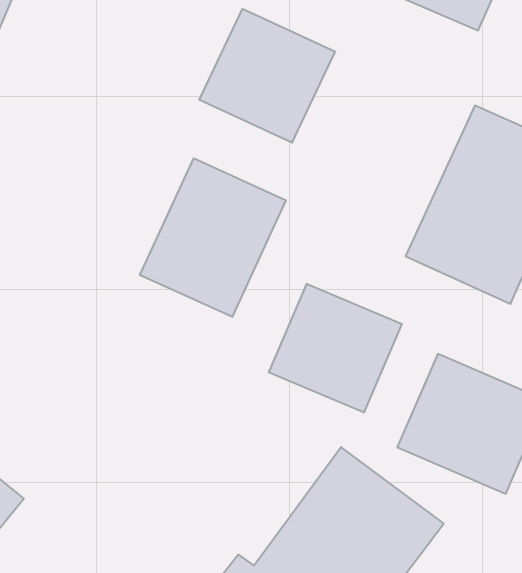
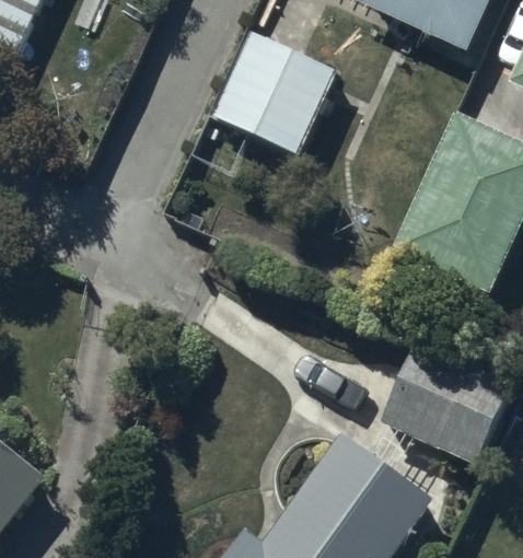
building: [140,158,286,317] -> none
building: [269,284,402,413] -> none

